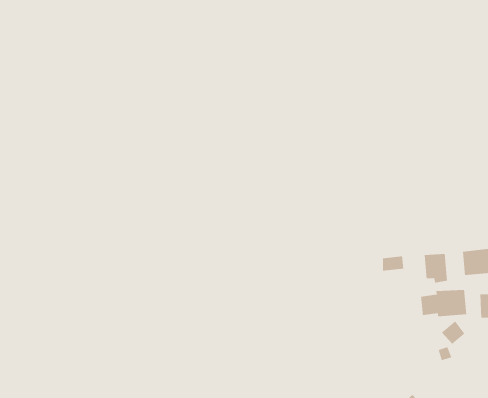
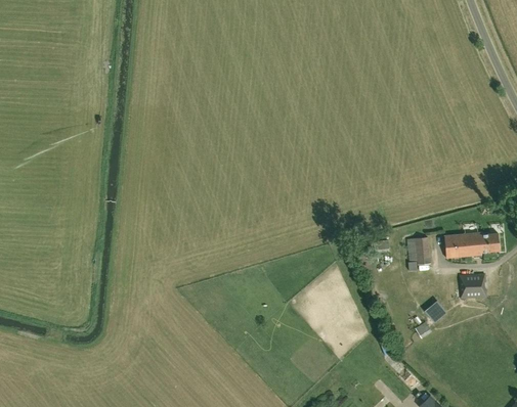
building: [421,289,467,317] -> none

